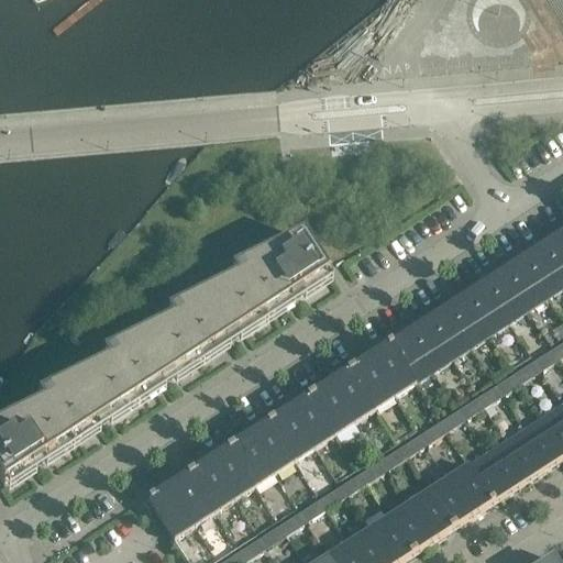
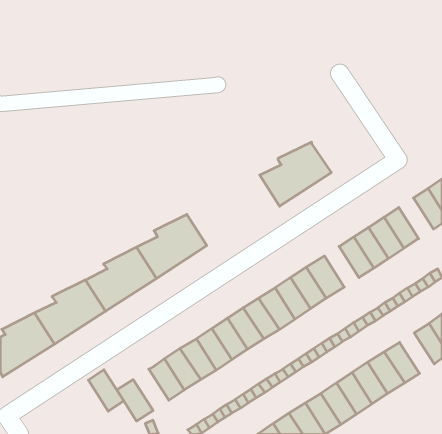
building: [238,231,329,312] -> [260,142,331,206]
building: [507,252,551,303] -> none
building: [412,313,456,365] -> none
building: [508,423,552,475] -> none
building: [169,470,214,522] -> [88,370,124,411]

